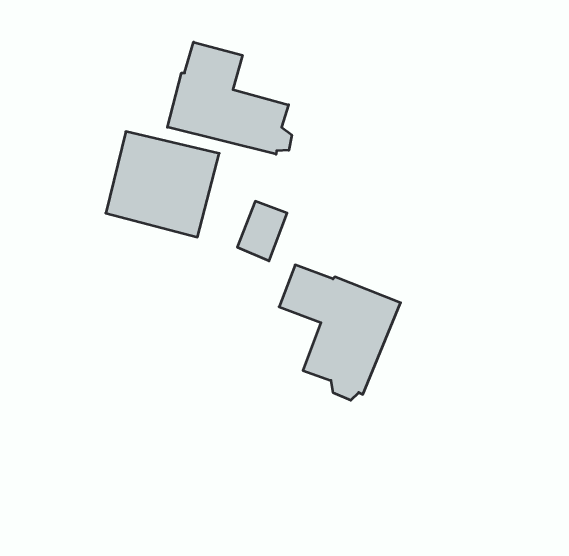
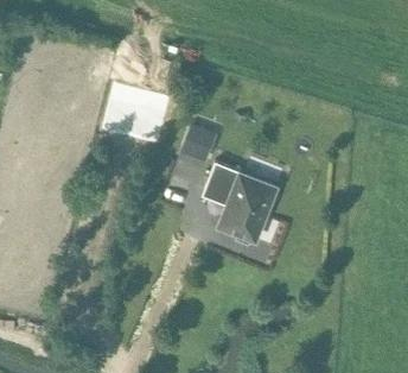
building: [167,42,292,154] -> none

